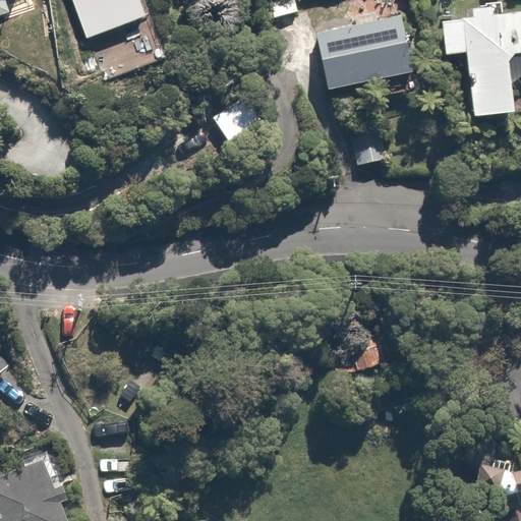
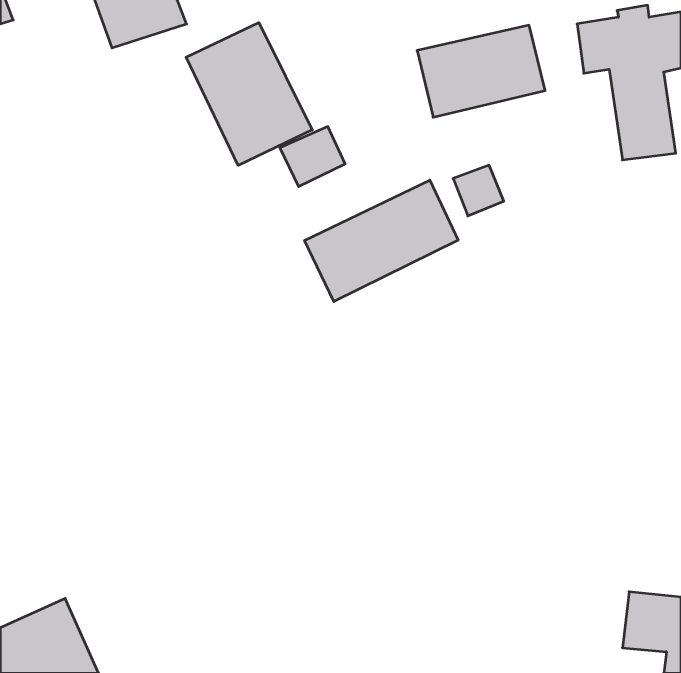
building: none -> [186,23,312,165]
building: none -> [305,180,458,302]

